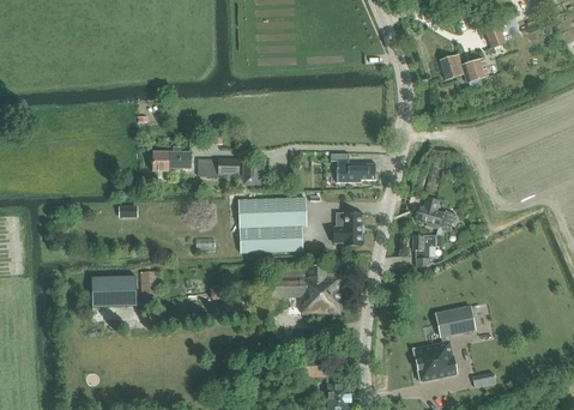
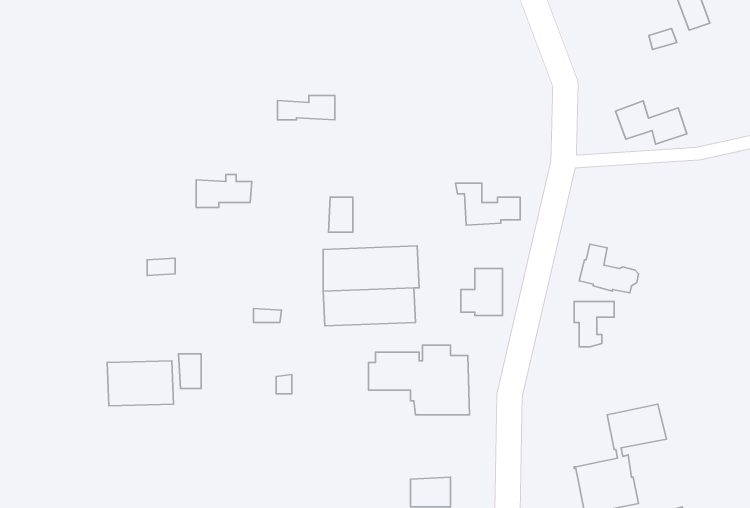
building: [439,54,488,84] -> [615,101,687,144]
building: [198,158,237,175] -> [277,95,335,120]

